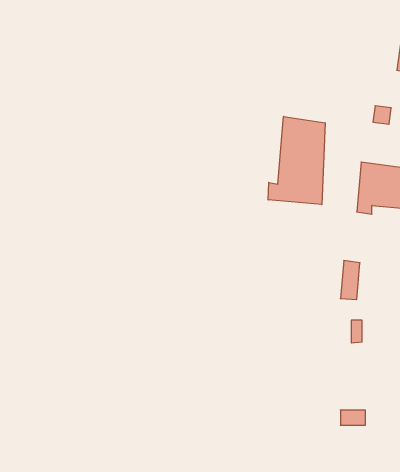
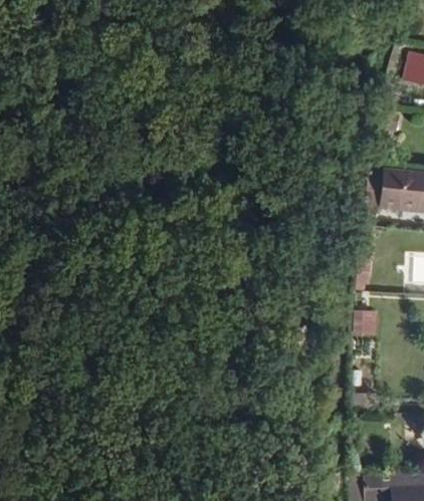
building: [268,116,325,205] -> none

